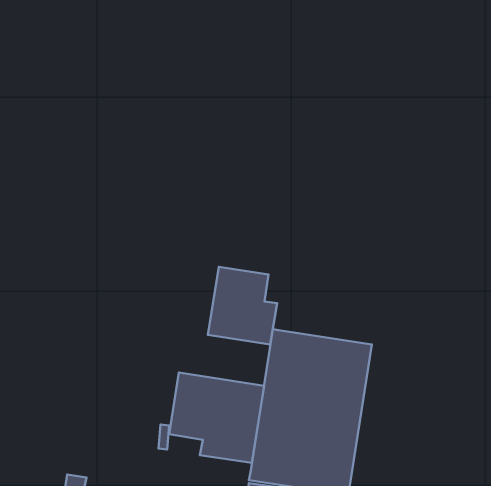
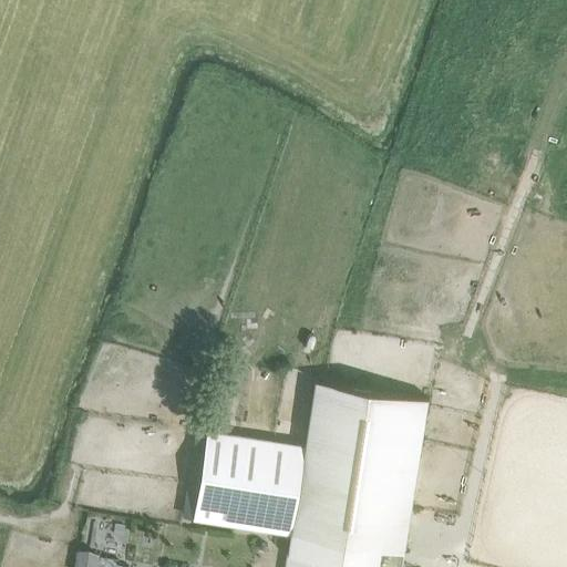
building: [208,267,277,344] -> none

